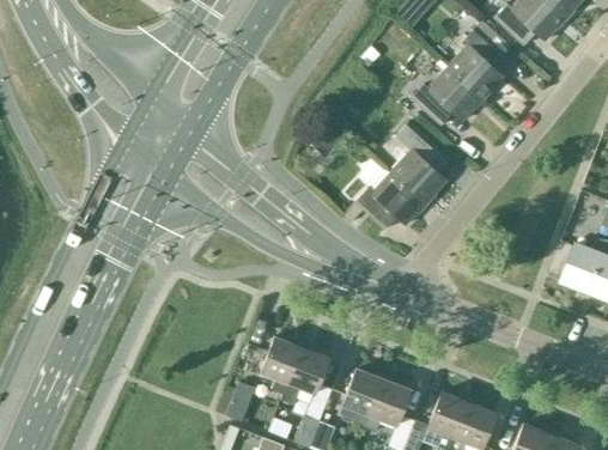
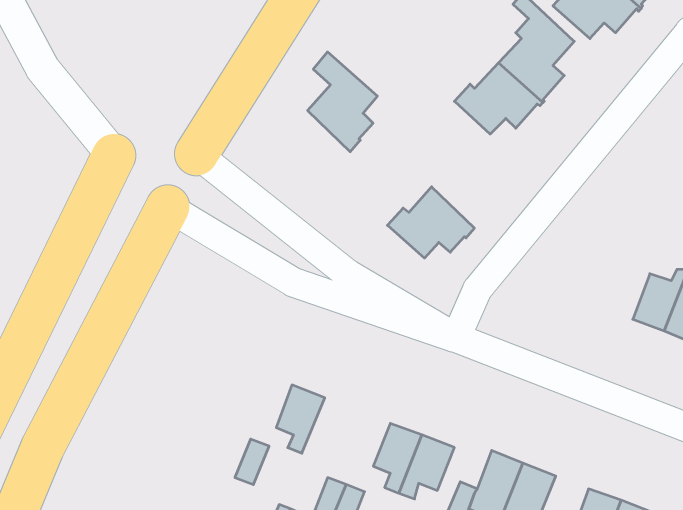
building: [391,121,450,205] -> [308,52,377,152]
building: [281,347,328,403] -> none

